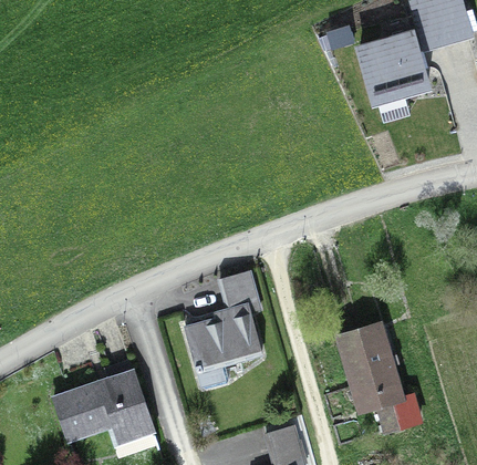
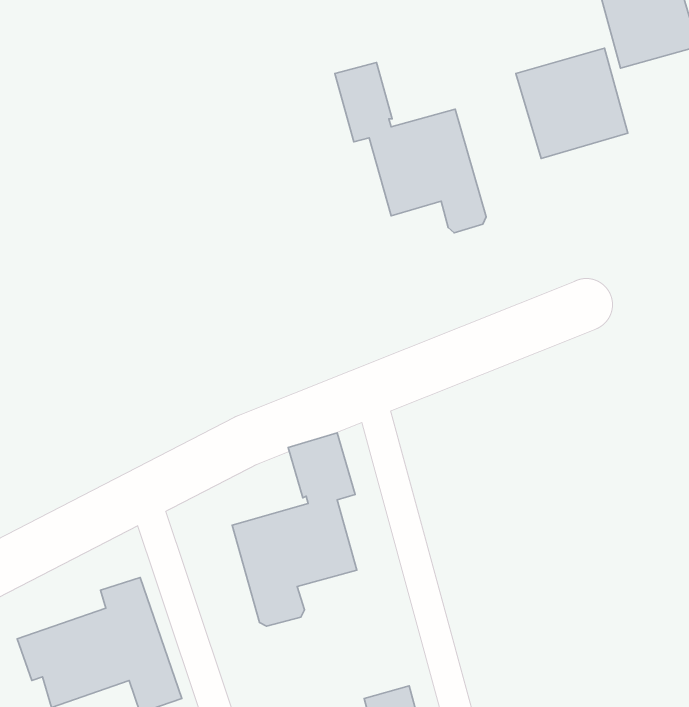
building: none -> [335,63,486,233]
building: [339,323,421,432] -> none

